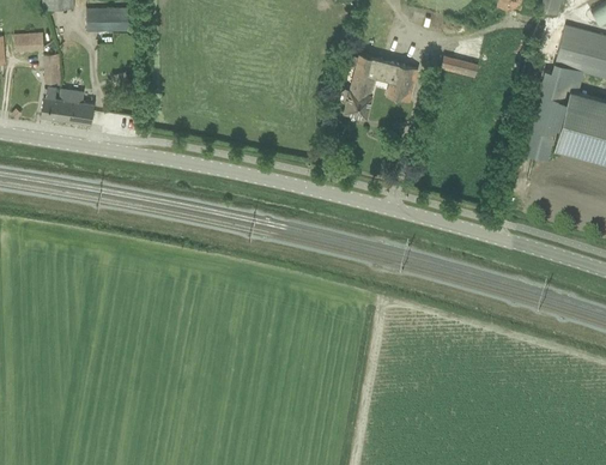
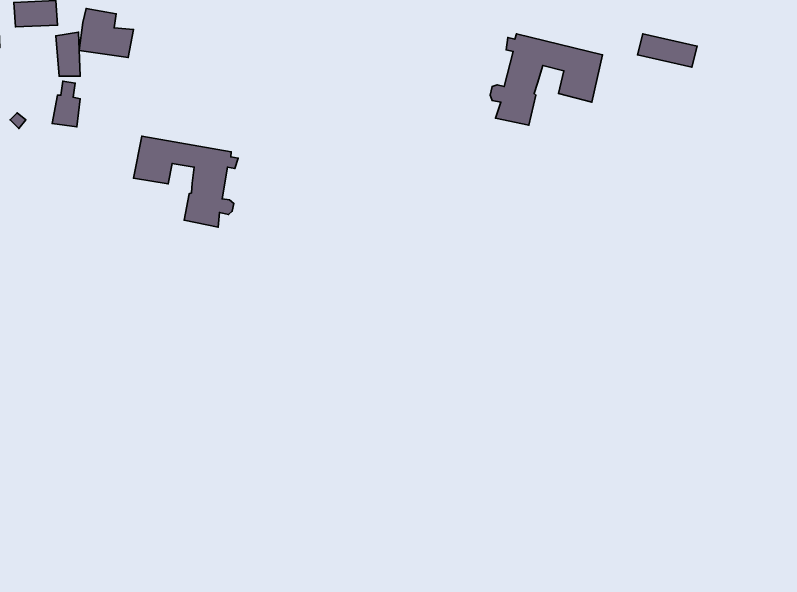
building: [57,90,95,123] -> [79,9,134,58]
building: none -> [133,136,238,227]

